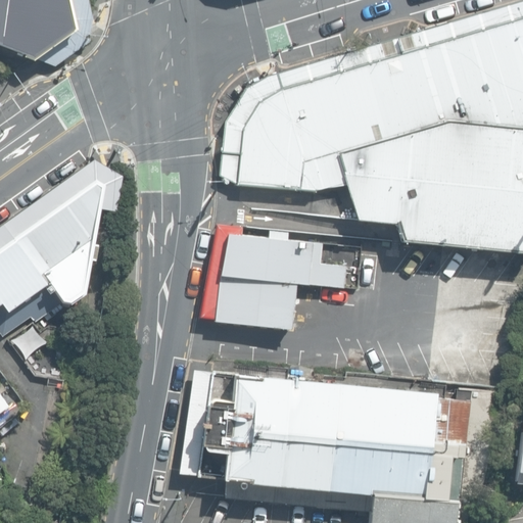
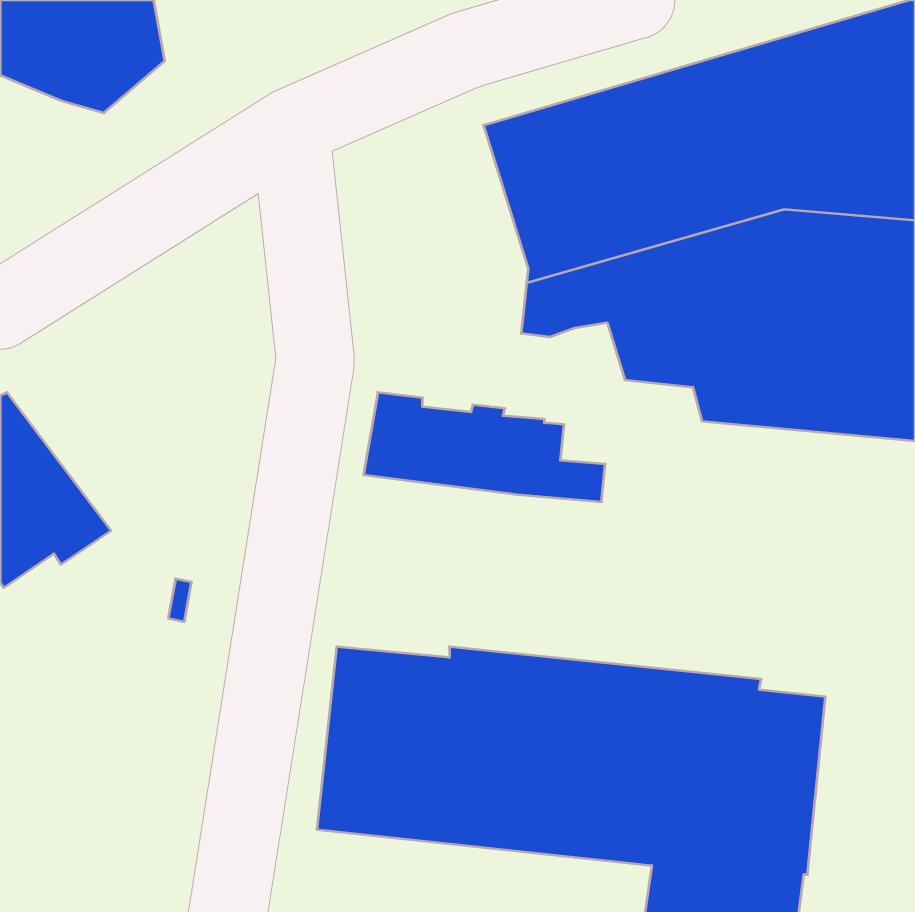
building: [219,74,301,192] -> none
building: [4,161,123,304] -> none
building: [198,273,295,329] -> none

